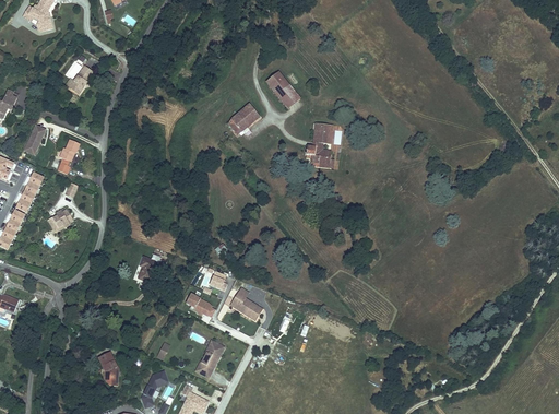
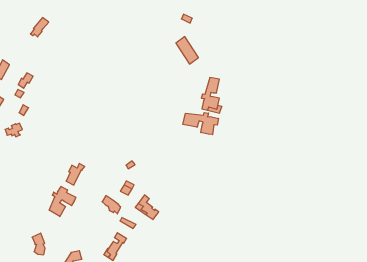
building: [227,104,259,134] -> none
building: none -> [183,113,218,135]
building: none -> [49,186,76,217]

